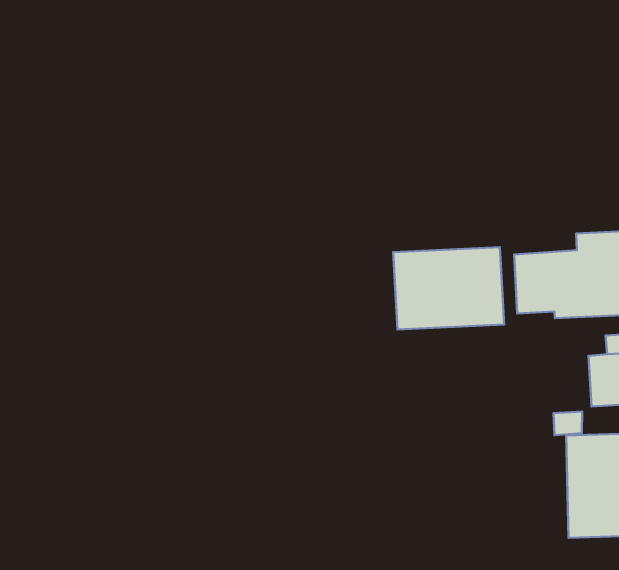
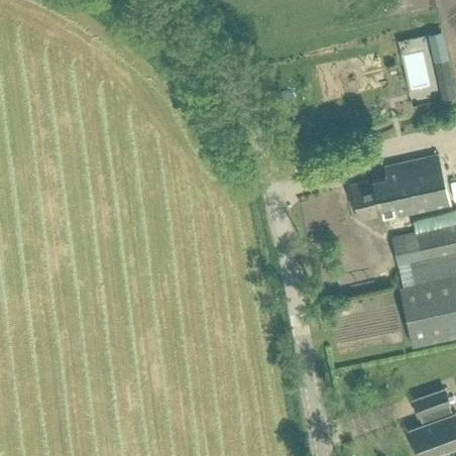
building: [393,247,504,329] -> none

